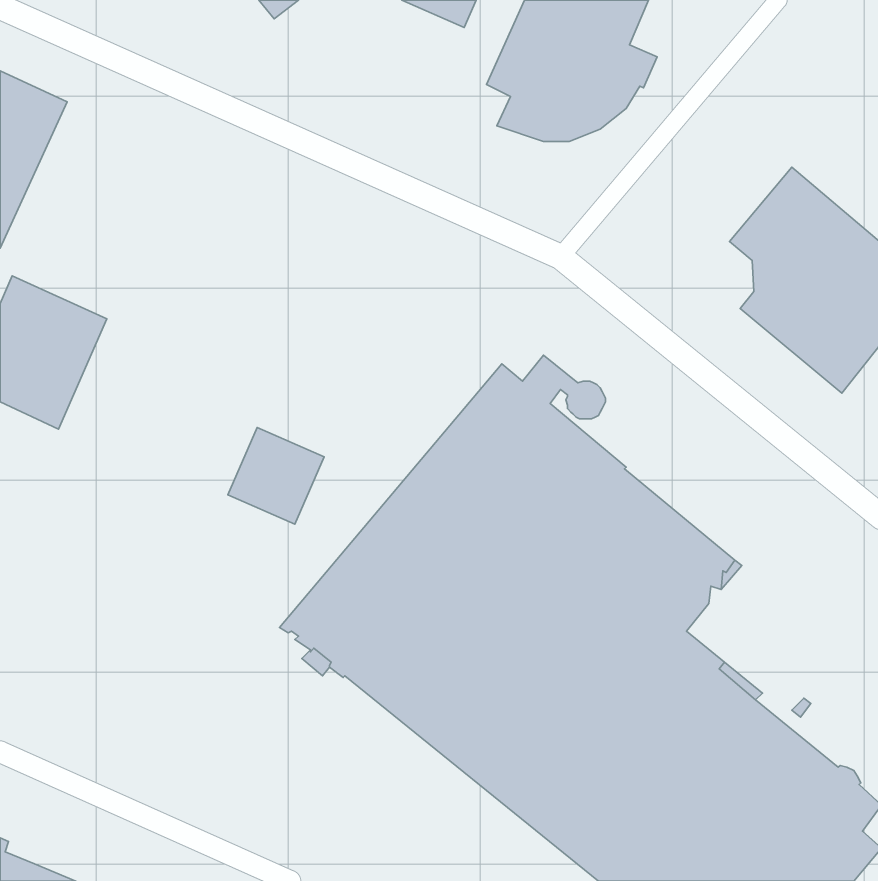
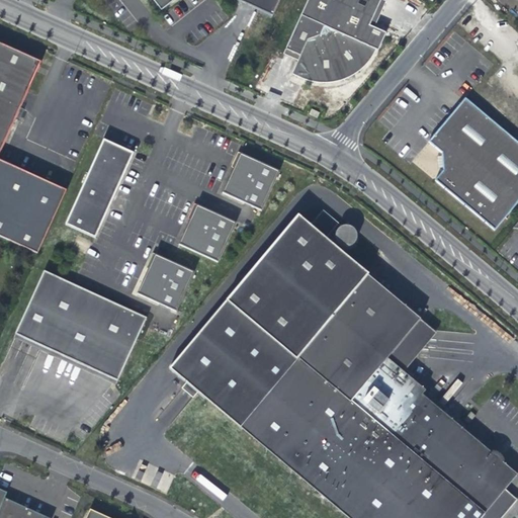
building: none -> [64,137,139,238]
building: none -> [220,150,277,206]
building: none -> [177,201,234,258]
building: none -> [15,269,146,378]

